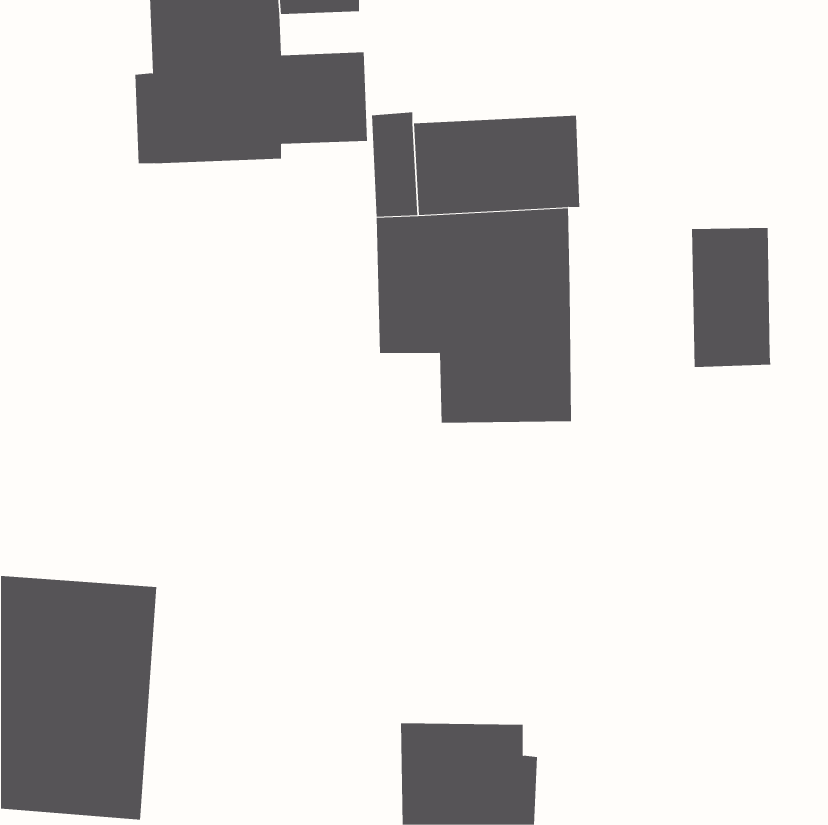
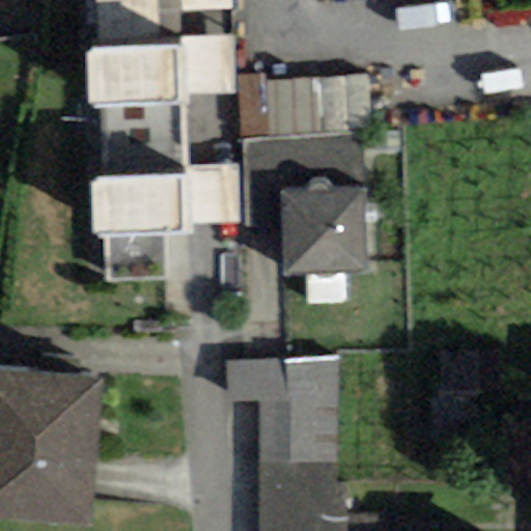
building: none -> [89,102,239,278]
building: [691,227,771,368] -> none
building: none -> [224,355,339,464]

